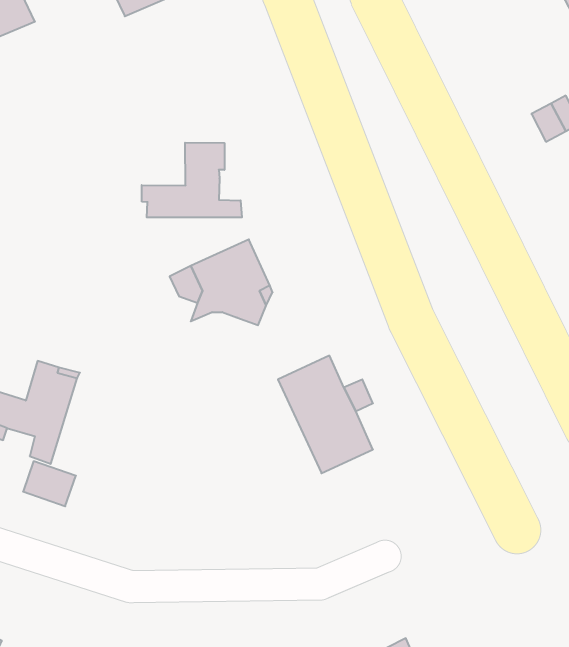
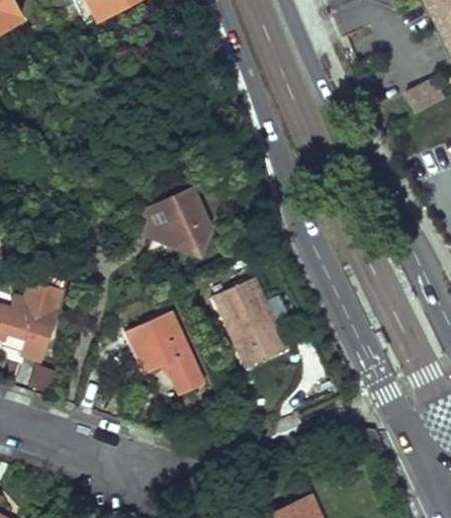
building: [142,143,242,217] -> none
building: none -> [125,311,203,395]

